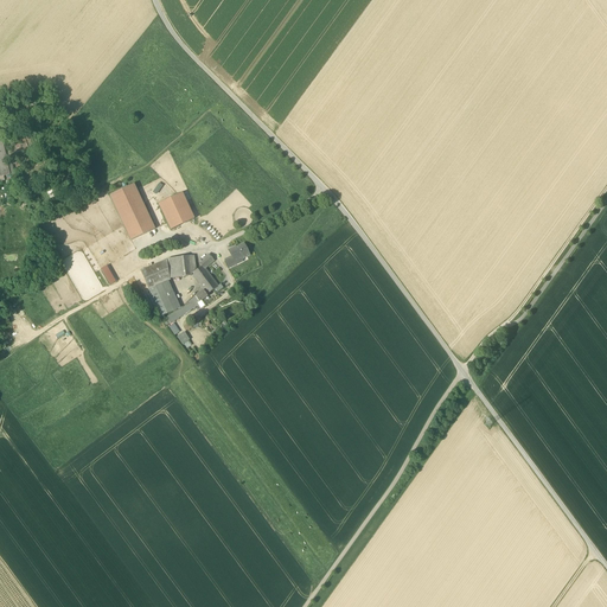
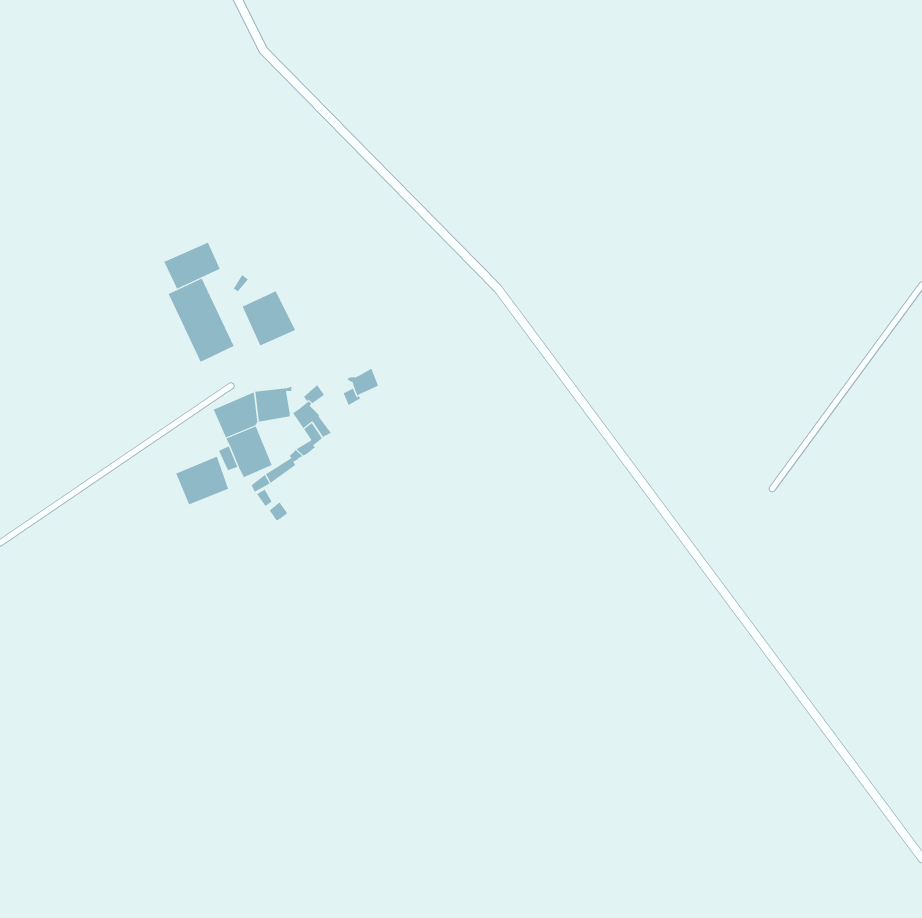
building: none -> [163,242,220,290]
building: none -> [176,456,229,505]

